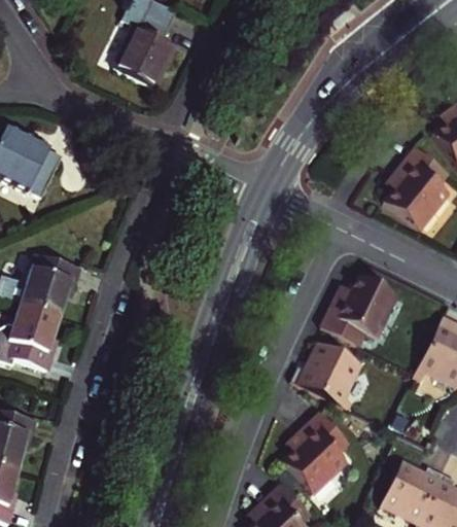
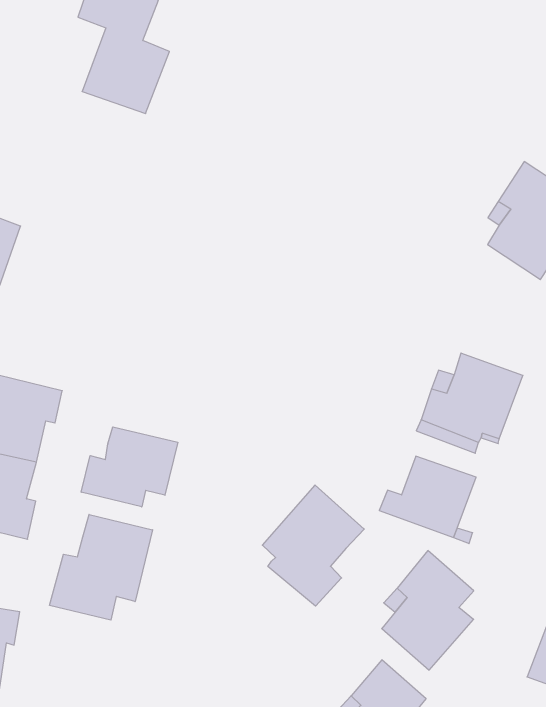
building: none -> [81,427,178,507]
building: none -> [262,485,364,606]
building: none -> [50,514,153,620]

